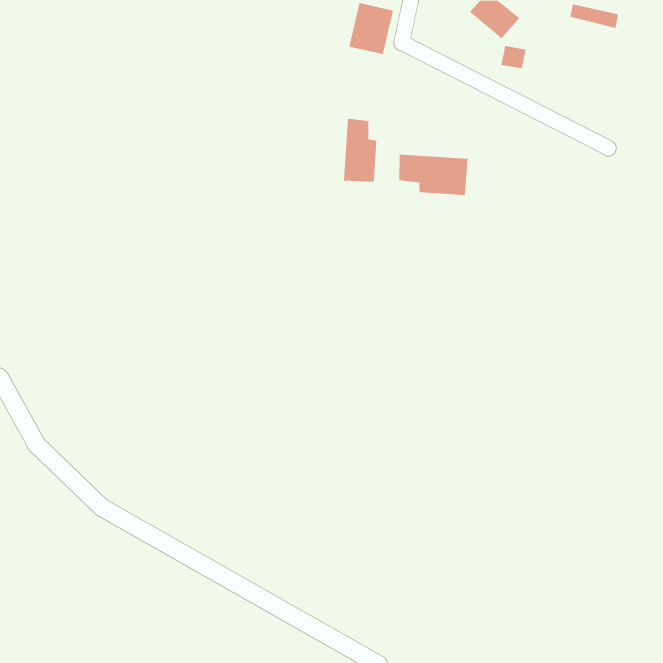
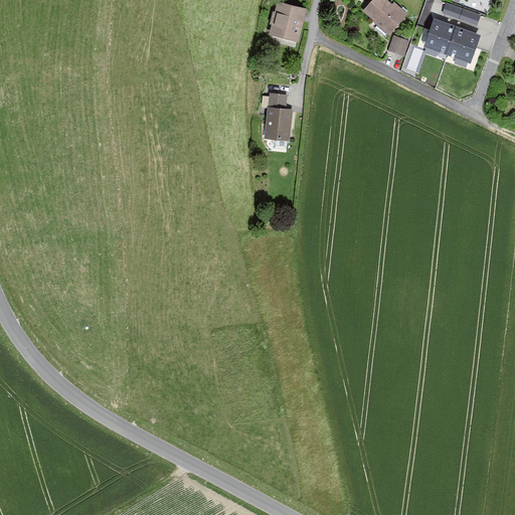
building: none -> [422,18,480,63]
building: [399,154,468,196] -> none

